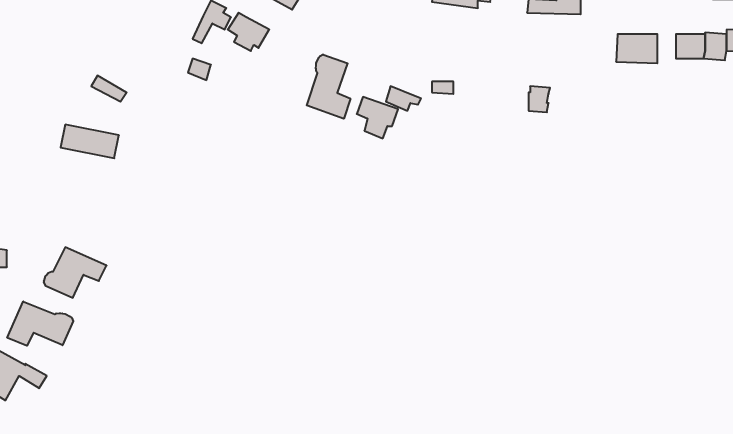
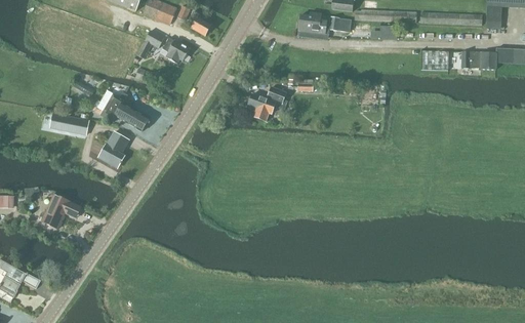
building: [307,54,350,119] -> none
building: none -> [98,91,149,131]
building: none -> [99,131,128,167]
building: [7,301,73,346] -> none

